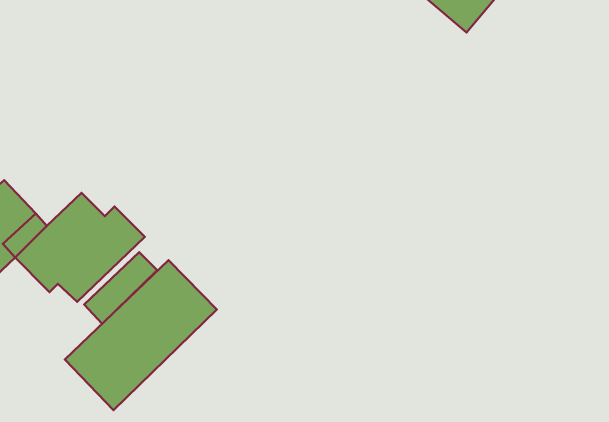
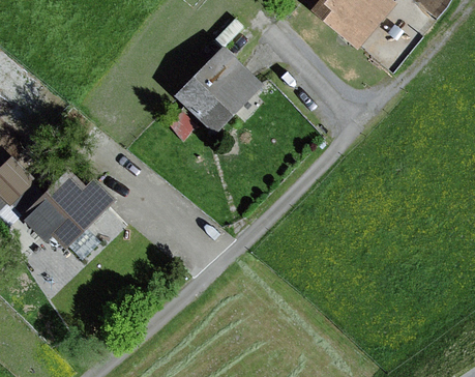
building: none -> [177,45,264,133]
building: [65,260,217,410] -> none

